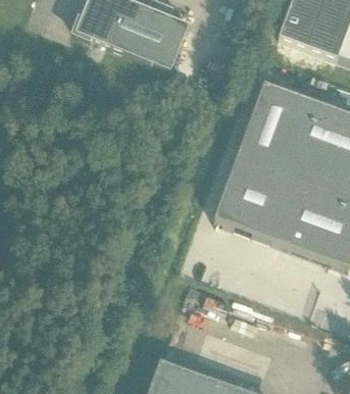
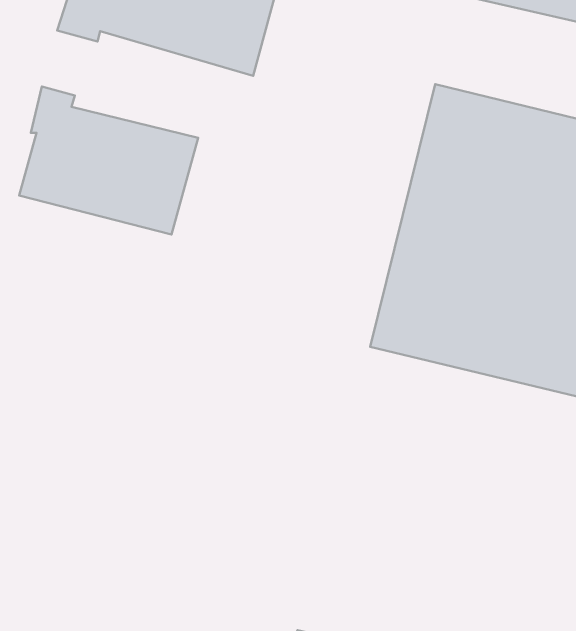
building: none -> [19,87,198,234]

